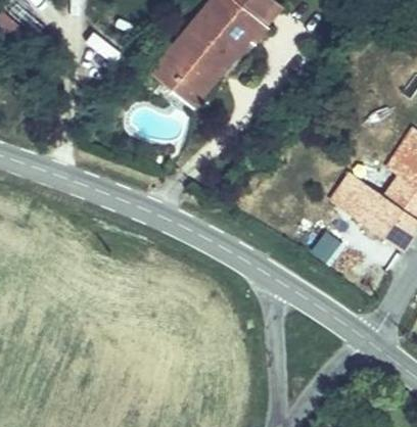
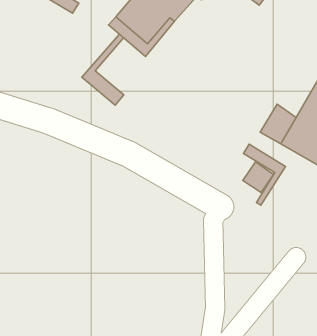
building: none -> [82,34,124,105]
building: none -> [244,144,286,205]

